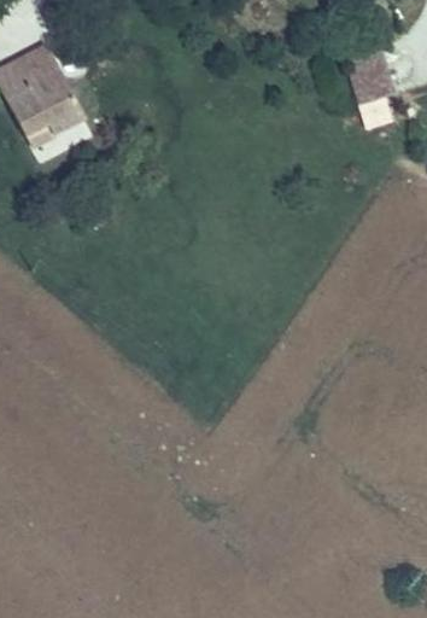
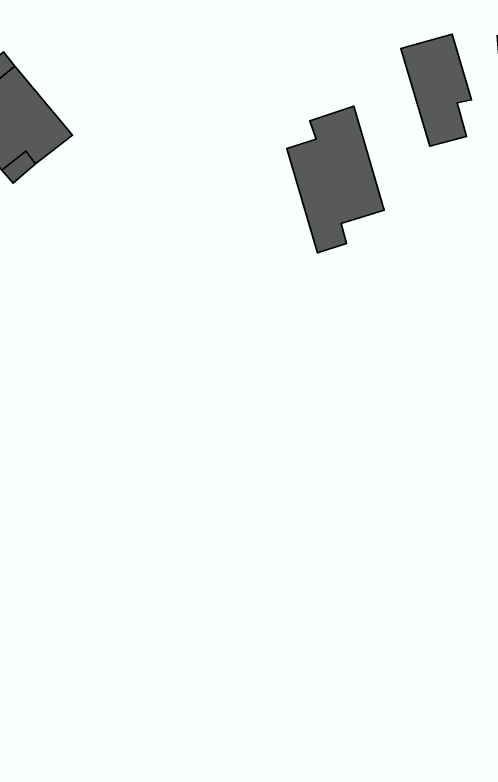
building: none -> [287,106,384,253]

